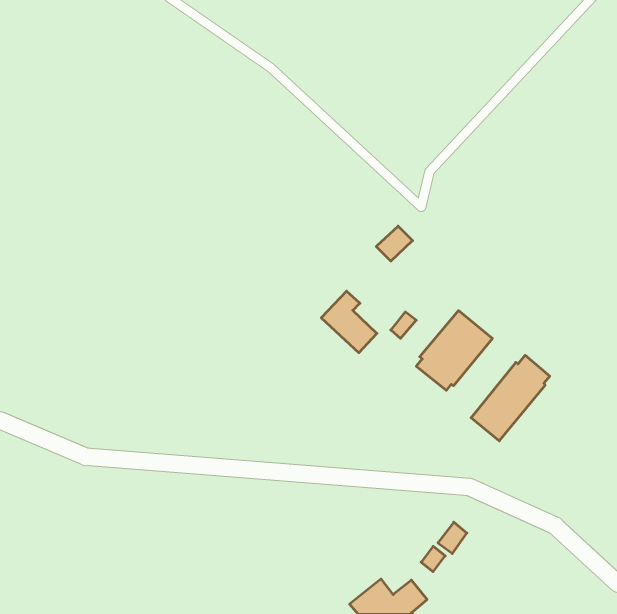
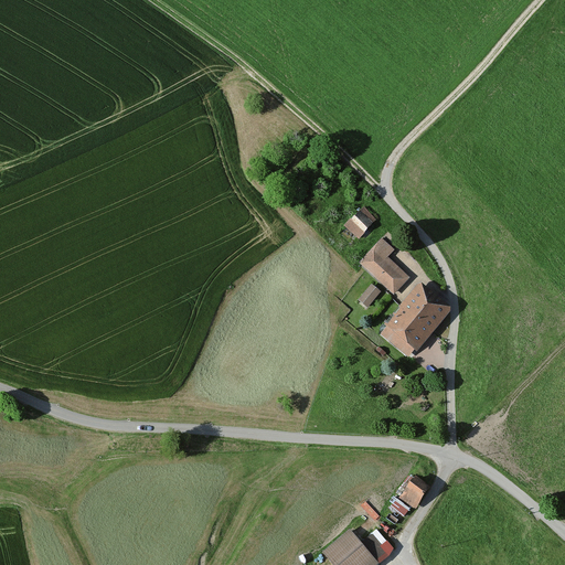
building: [321,291,377,353] -> [359,238,409,295]
building: [471,355,550,441] -> none

